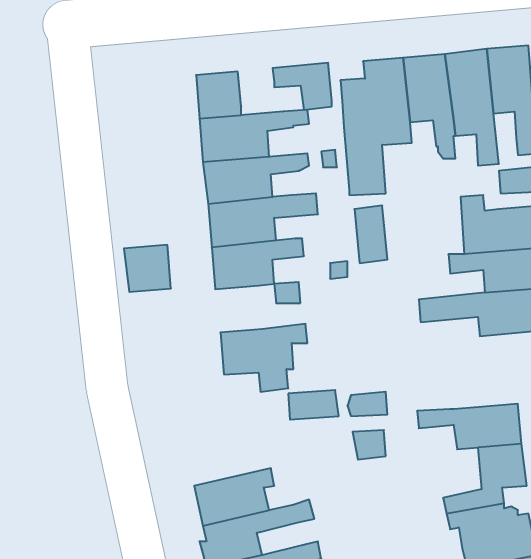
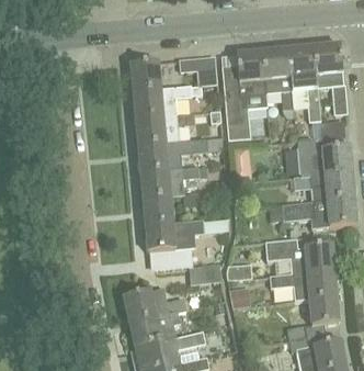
building: [124,245,171,292] -> [143,196,172,226]
building: none -> [264,236,333,274]
building: none -> [124,288,185,323]

